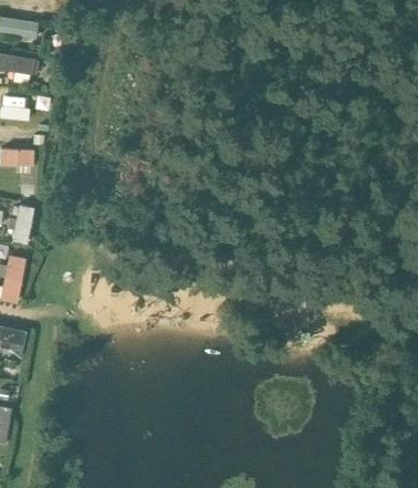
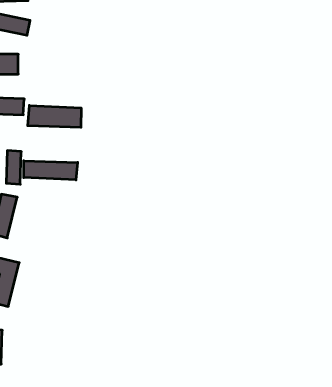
building: none -> [28,105,81,127]
building: none -> [24,161,78,180]

